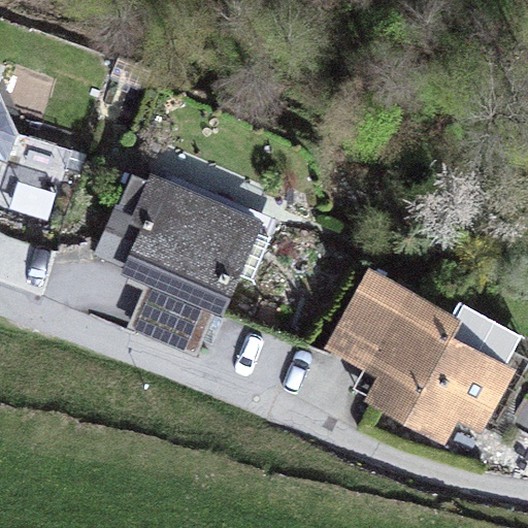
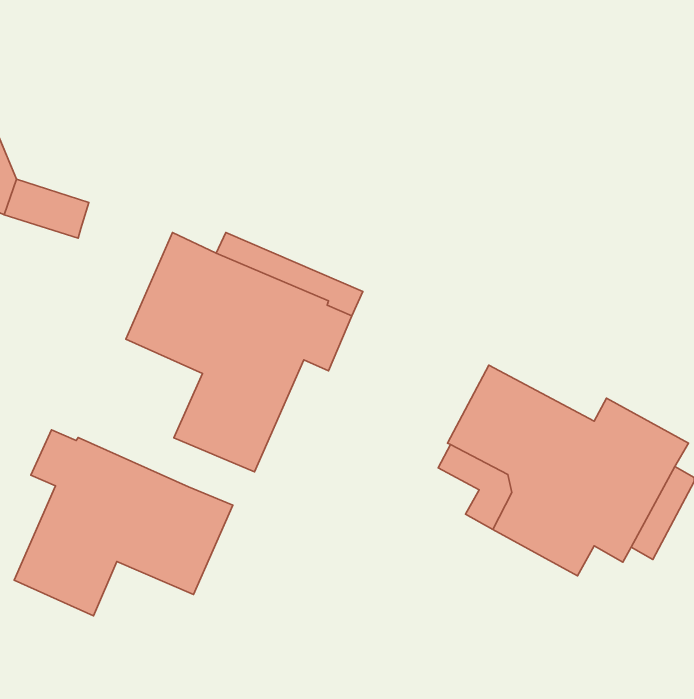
building: none -> [14,430,233,616]

